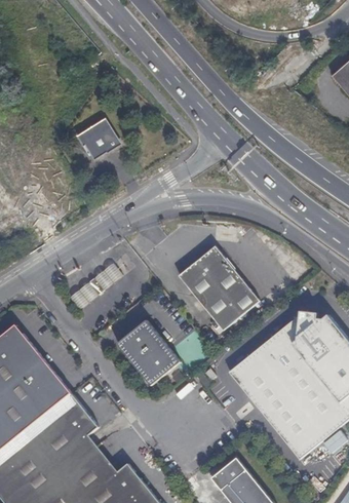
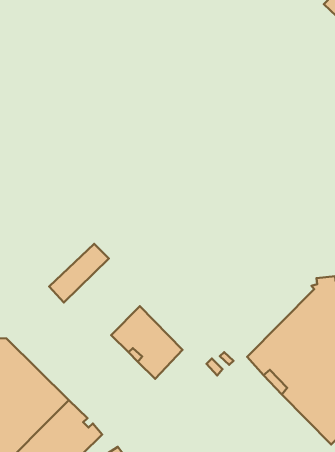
building: [79,121,119,159] -> none
building: [177,248,257,327] -> none

